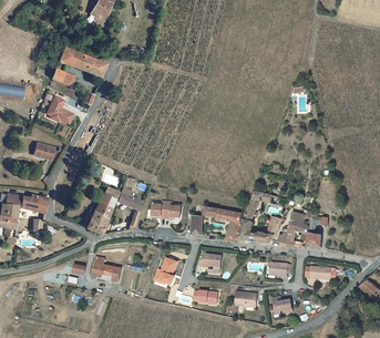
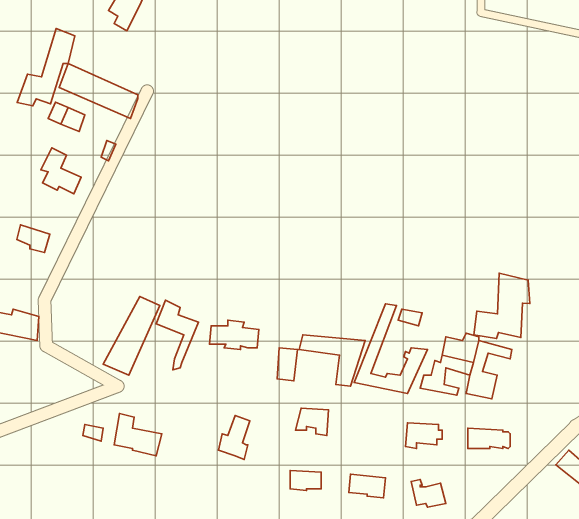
building: none -> [17,28,75,106]
building: none -> [474,273,530,338]

